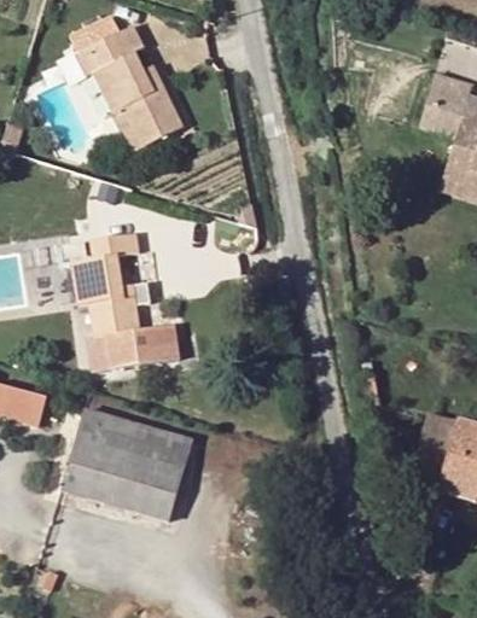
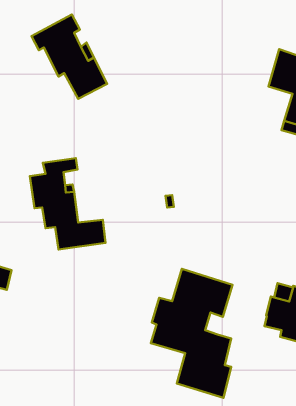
building: none -> [151,269,233,398]
building: [60,408,191,519] -> none

